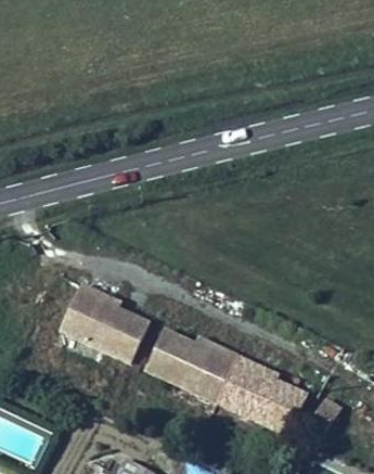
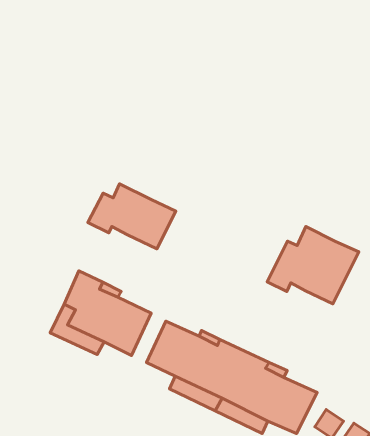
building: none -> [88,184,176,249]
building: none -> [267,226,359,304]

